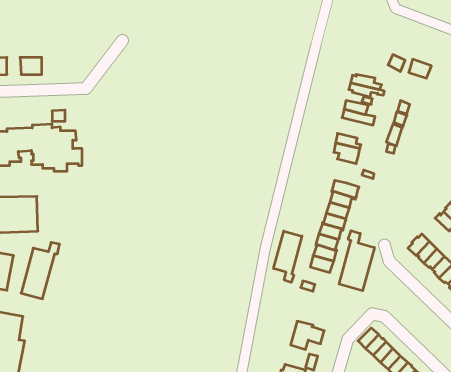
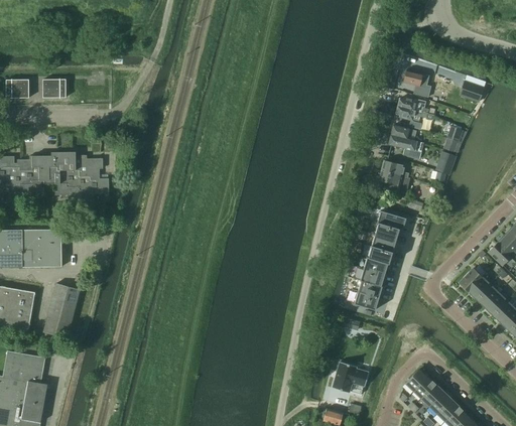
building: none -> [403,68,429,97]
building: [339,231,374,291] -> none
building: [274,231,302,282] -> none

